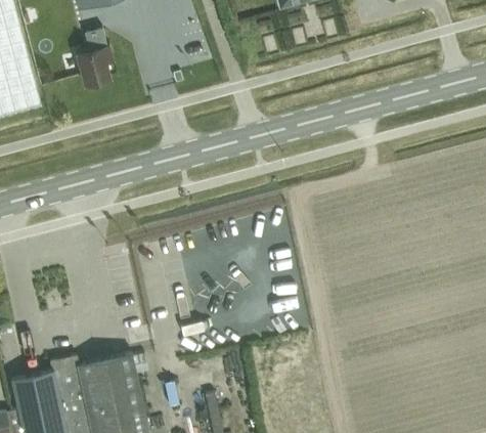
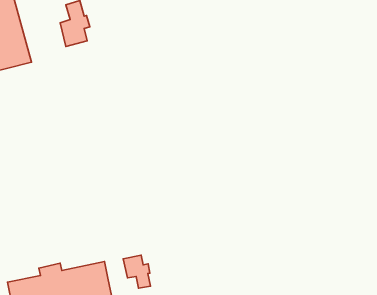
building: none -> [123,255,151,288]

